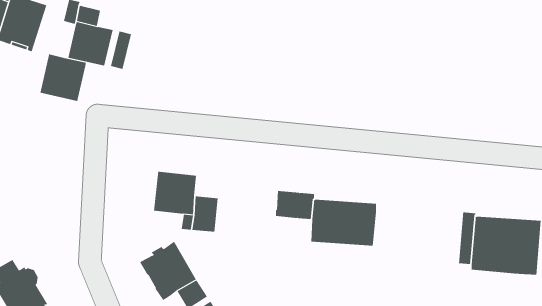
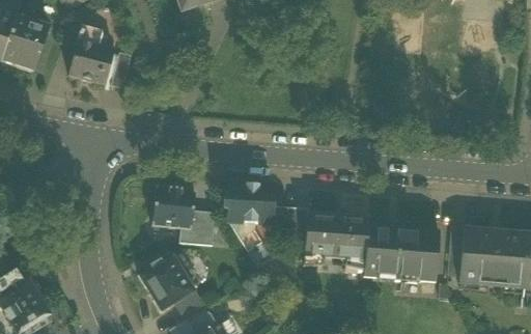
building: [40,53,86,102] -> none
building: none -> [229,183,274,251]
building: none -> [365,225,440,280]

